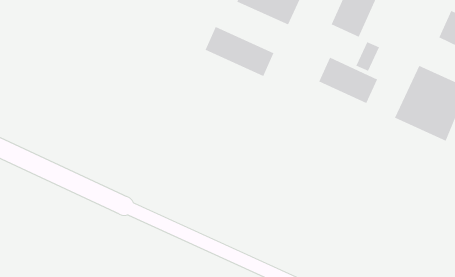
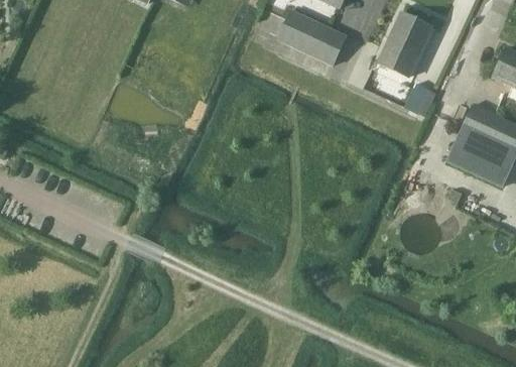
building: [205,26,274,77] -> none
building: [318,57,378,104] -> none

